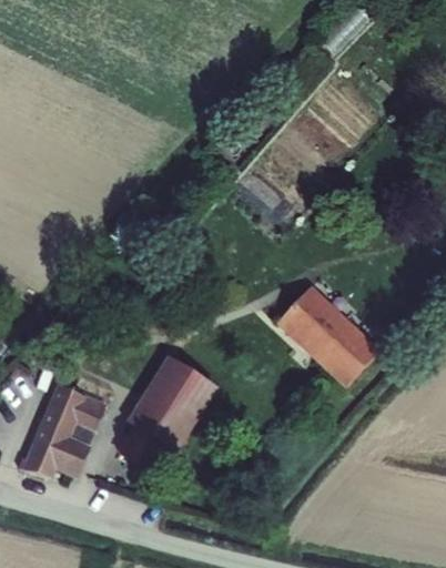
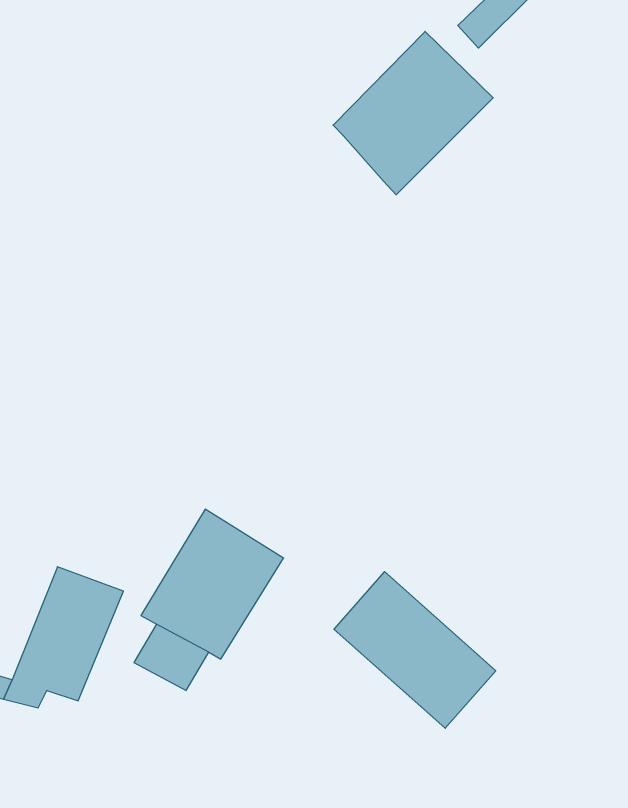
building: none -> [333,31,493,195]
building: [288,295,392,395] -> [334,572,496,728]

